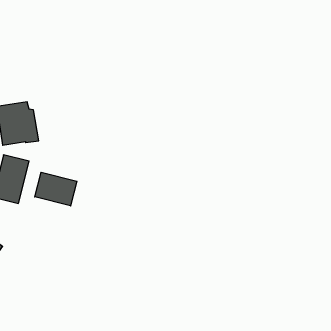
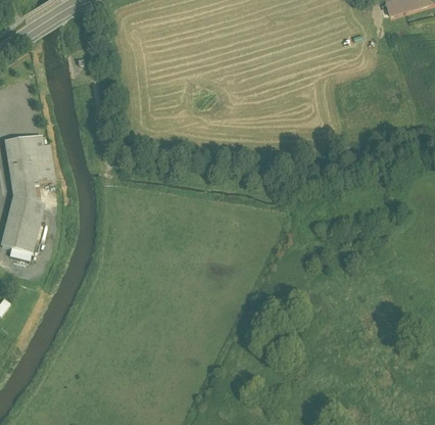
building: [35,172,77,206] -> none

